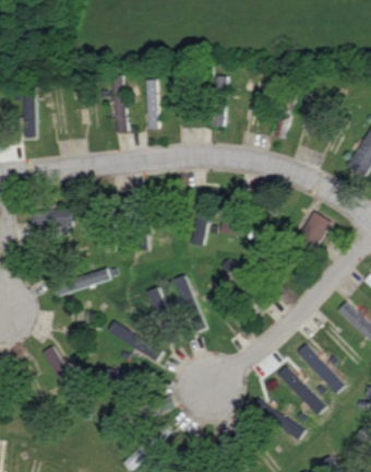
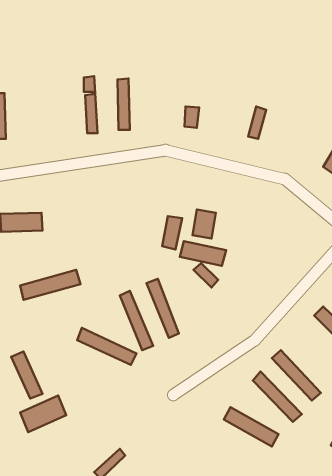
building: [299,211,331,245] -> none
building: none -> [180,241,226,266]
building: none -> [20,395,66,432]

